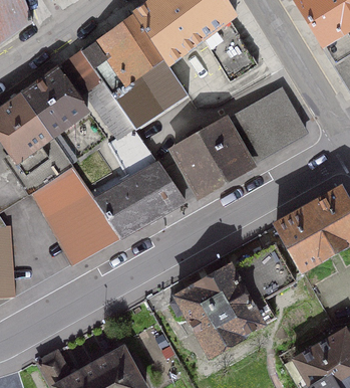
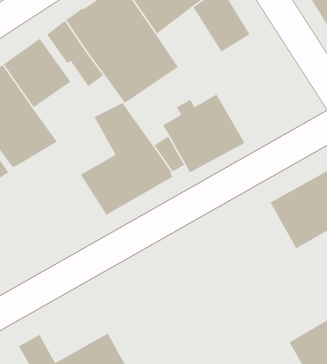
building: [225,87,309,168] -> none
building: [36,167,119,263] -> none
building: [168,243,295,355] -> none

